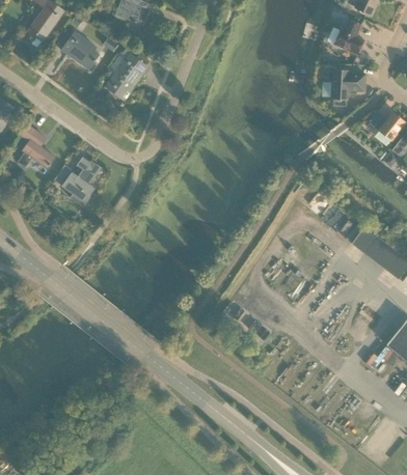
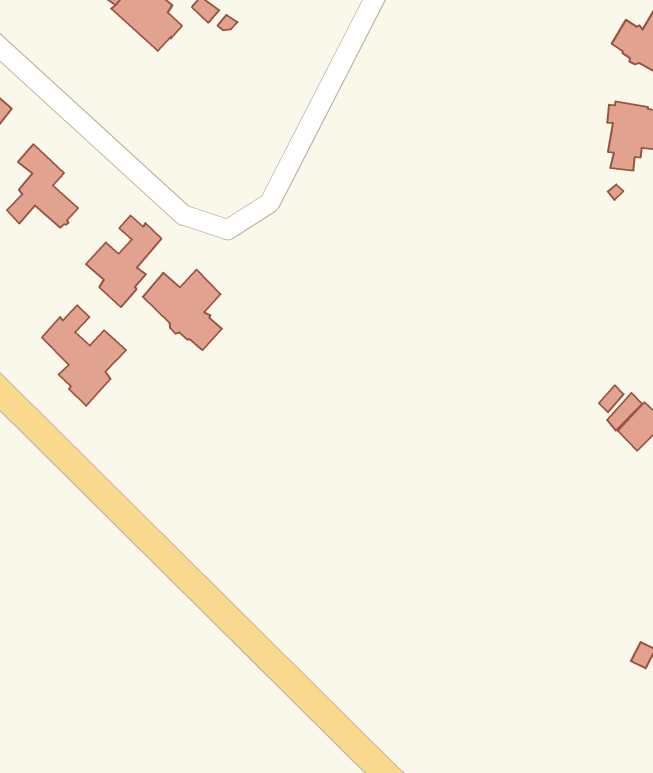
building: [106,54,150,99] -> none
building: none -> [143,270,222,350]
building: none -> [42,305,126,406]

